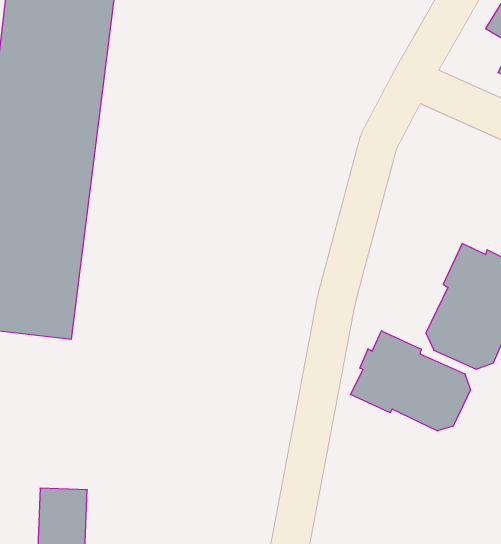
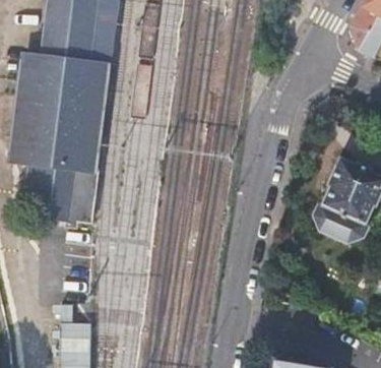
building: [350,331,471,431] -> none

